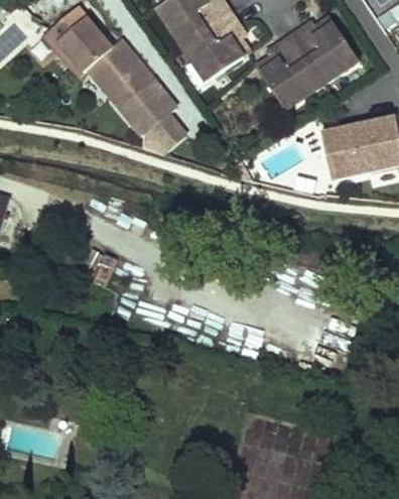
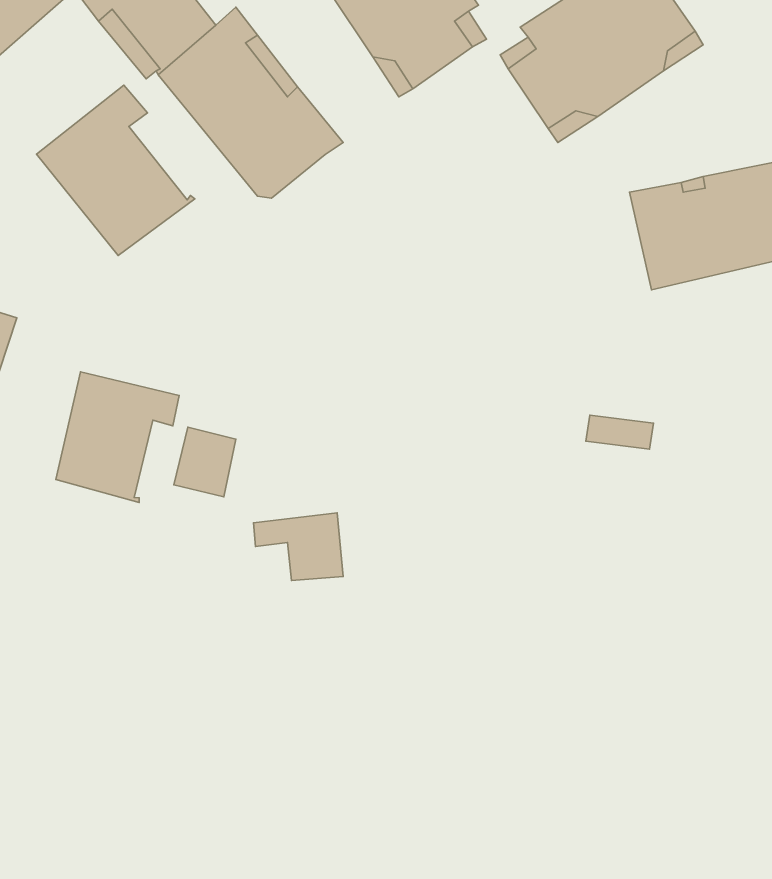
building: none -> [37,85,195,255]
building: [141,113,185,153] -> none
building: none -> [56,372,179,502]

